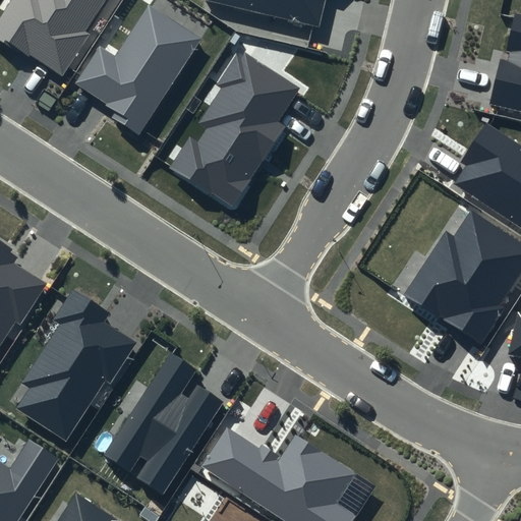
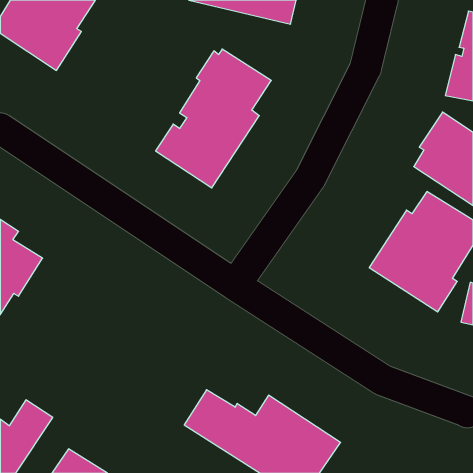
building: [74,5,200,134] -> none
building: [16,290,136,441] -> none
building: [104,353,224,496] -> none

